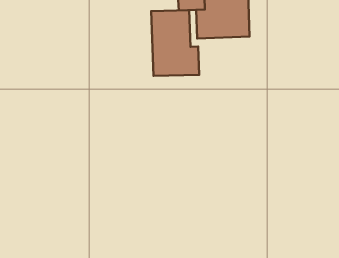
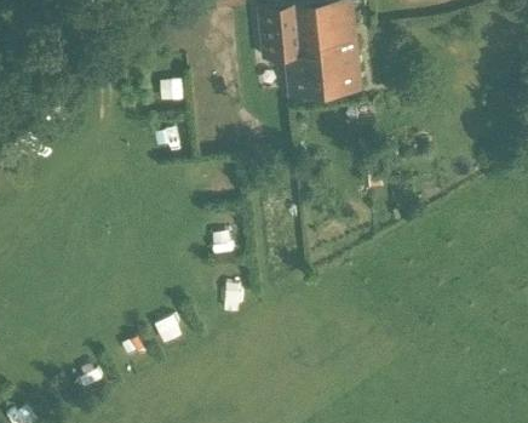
building: [151,10,199,76] -> none

